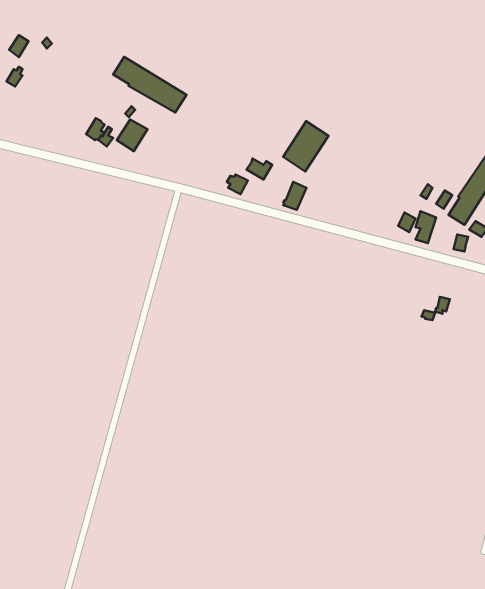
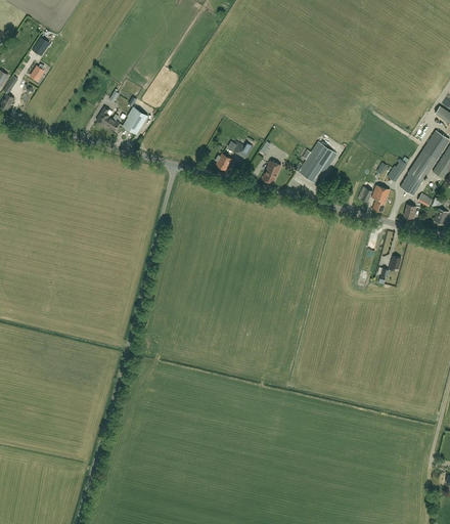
building: [113,57,186,112] -> none
building: [283,121,328,171] -> [299,141,336,183]

